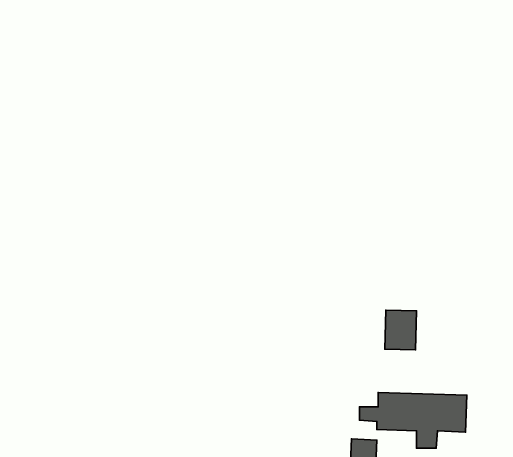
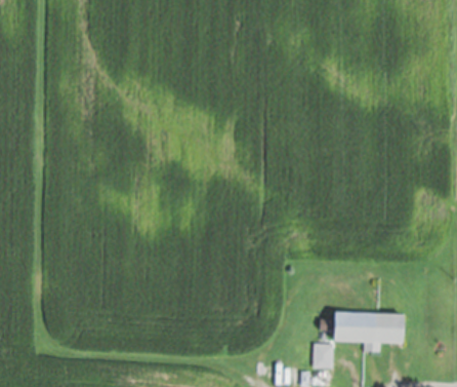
building: [385,310,417,350] -> none

